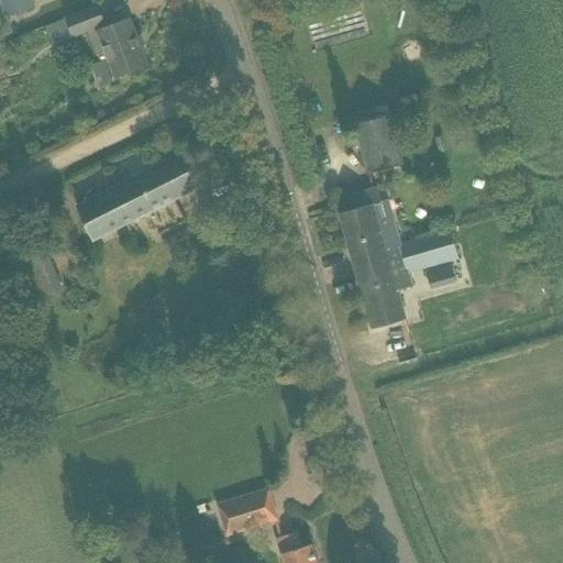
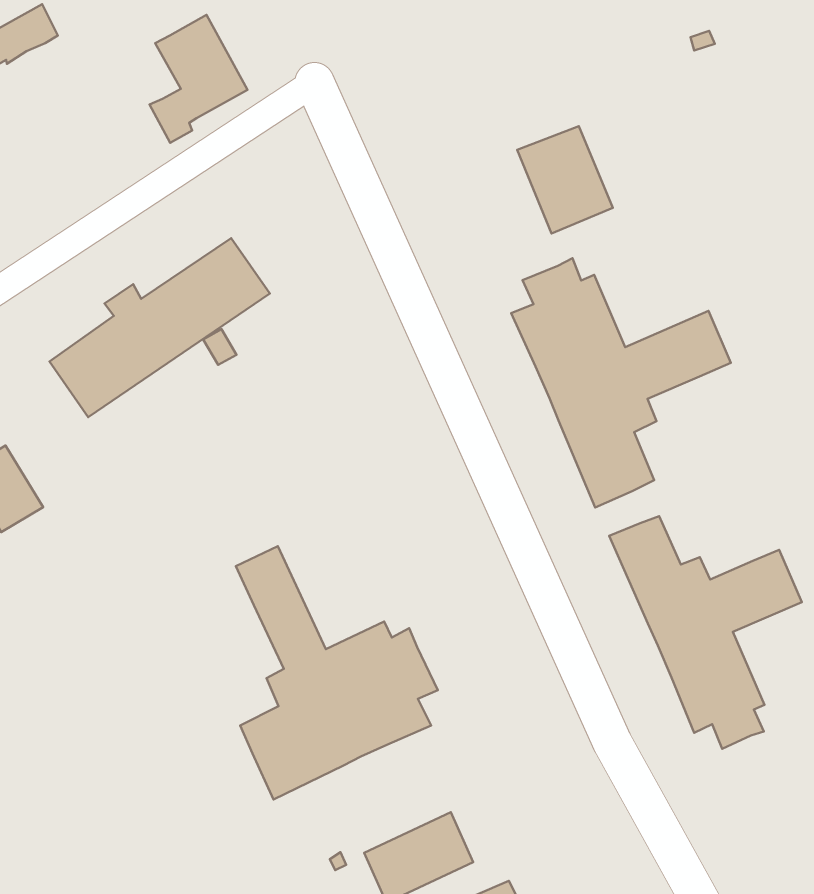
building: [90,19,146,88] -> [150,15,247,143]
building: none -> [236,546,438,800]
building: none -> [609,516,802,749]

